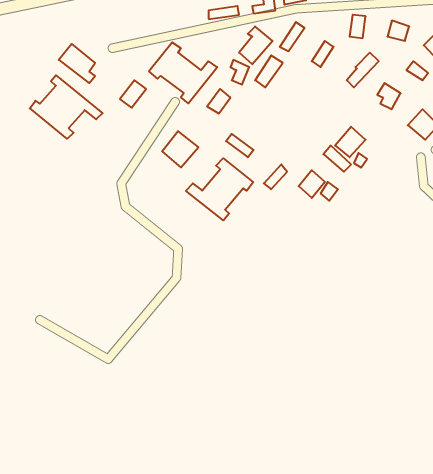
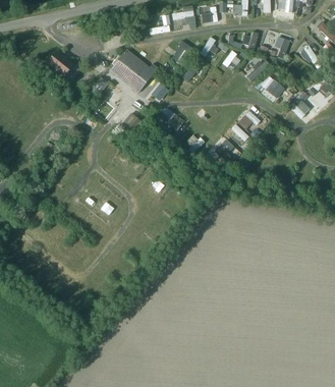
building: [30,75,103,139] -> none
building: [186,158,253,220] -> none

